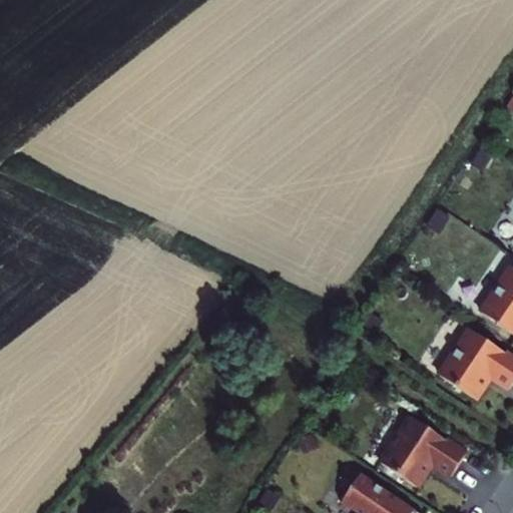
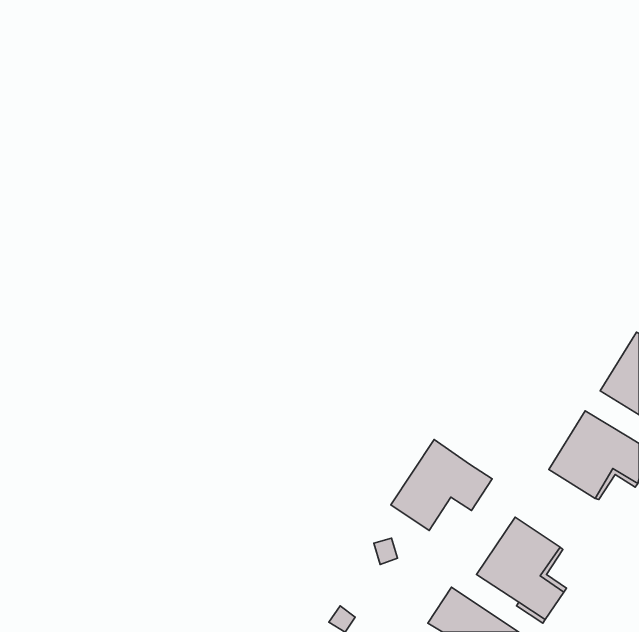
building: none -> [391,439,492,530]

